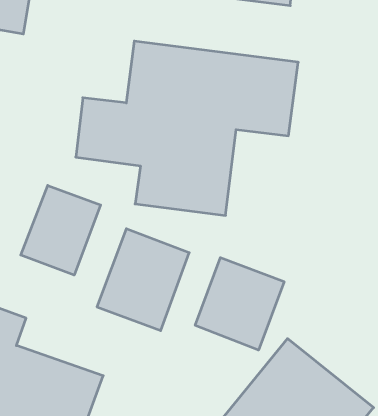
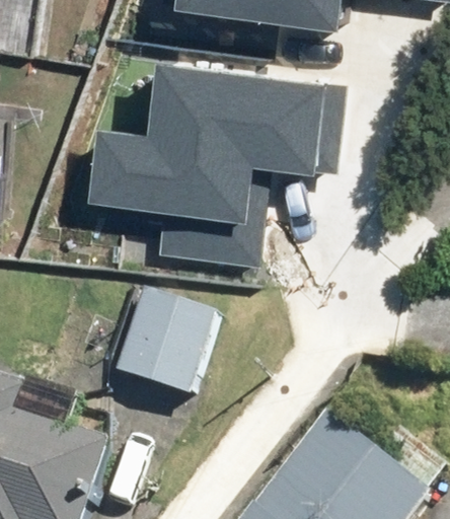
building: [21,185,101,275] -> none
building: [195,258,284,350] -> none

